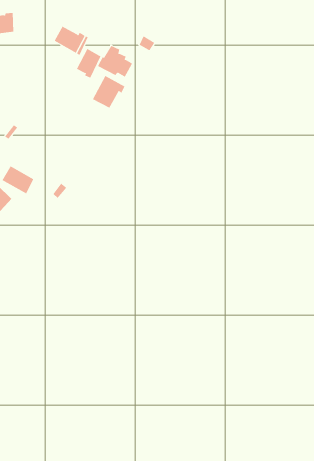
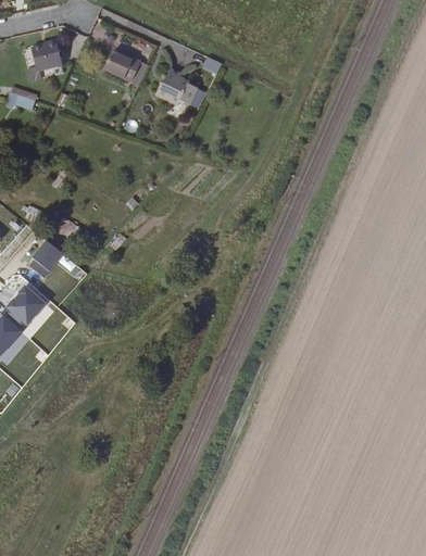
building: [76,48,101,79] -> none
building: [92,75,125,109] -> none

